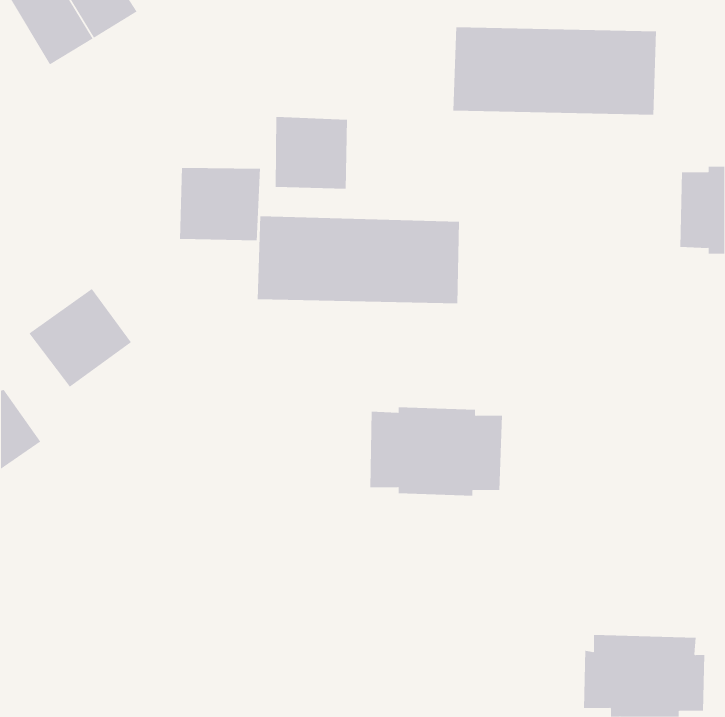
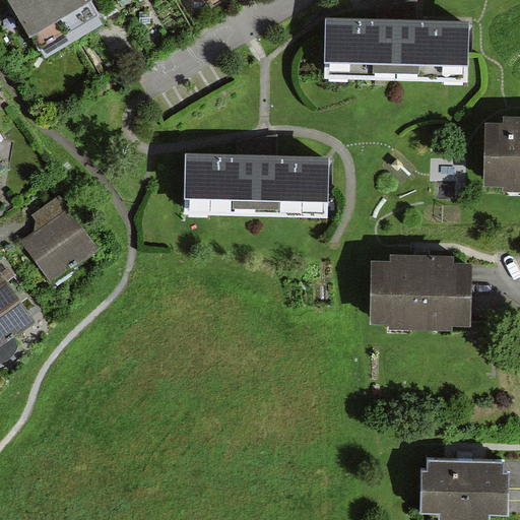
building: [275,116,348,189] -> none
building: [179,167,260,241] -> none
building: [370,407,503,496] -> [372,257,467,321]

